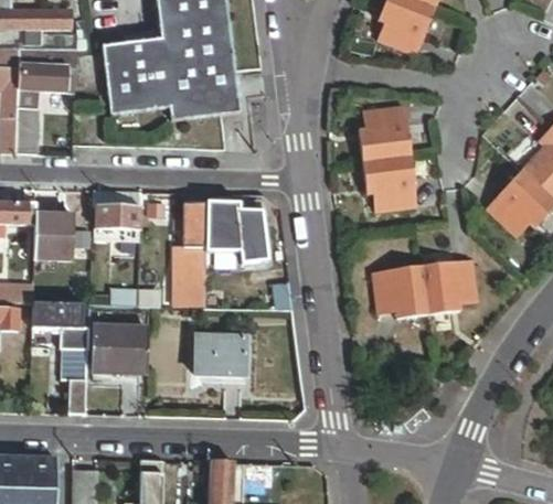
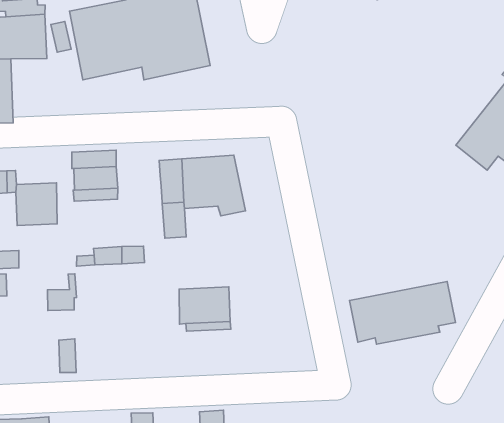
building: [358,105,416,211] -> none
building: [173,246,205,305] -> none
building: [371,259,477,318] -> [350,282,455,344]
building: [33,302,83,328] -> none
building: [93,326,149,371] -> none

